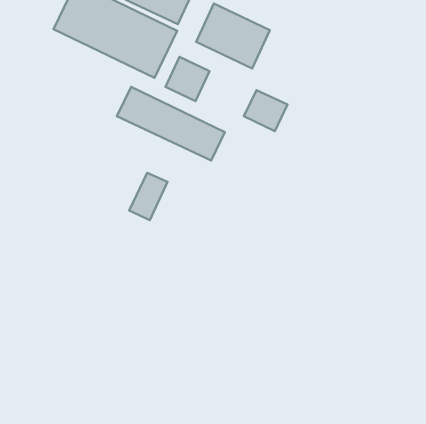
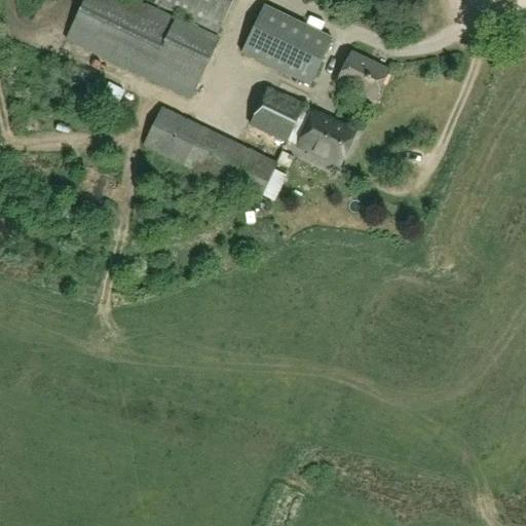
building: none -> [338,50,389,97]
building: [165,57,210,101] -> [250,86,304,141]
building: [129,173,167,220] -> none

